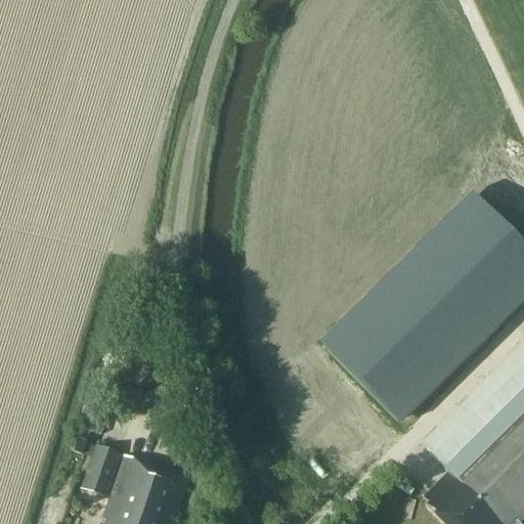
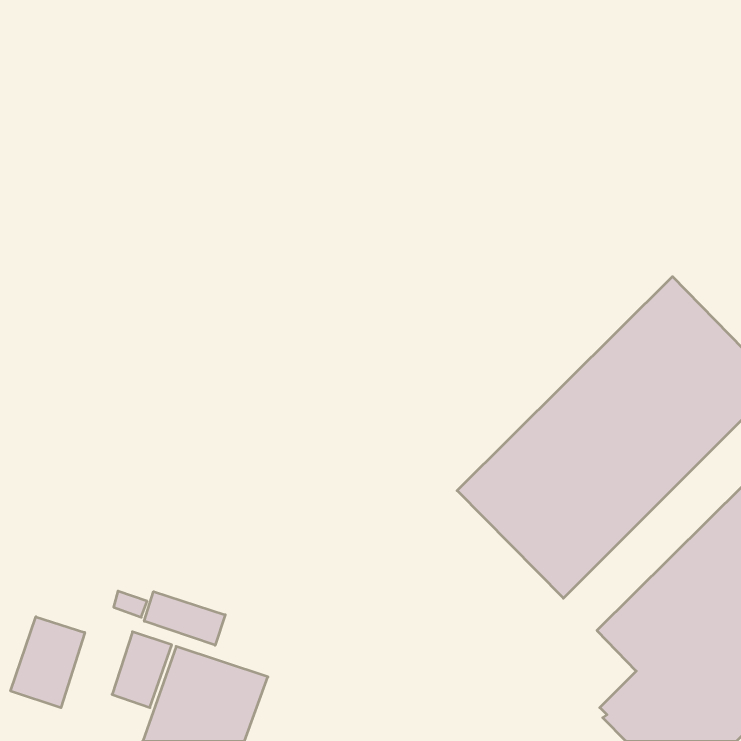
building: none -> [144,592,225,645]
building: none -> [11,617,85,708]

